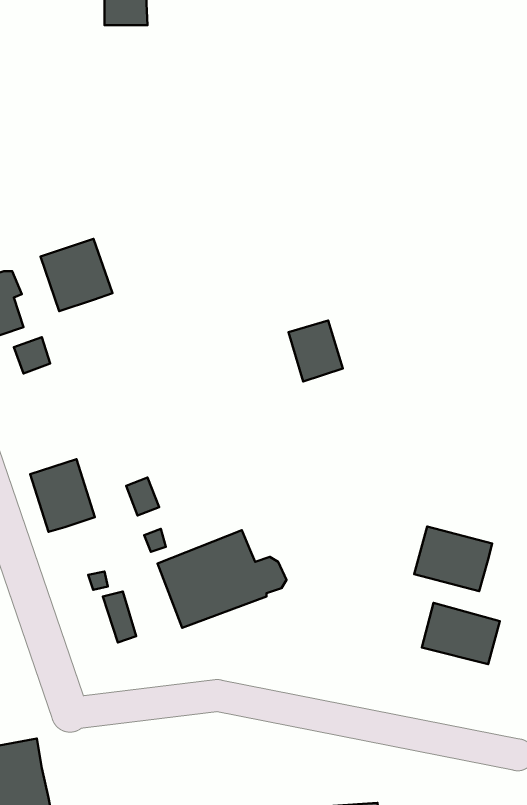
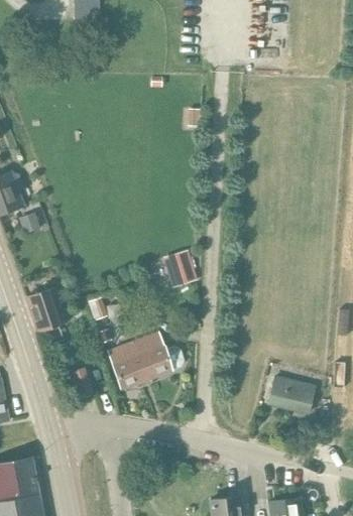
building: [41,239,112,311] -> none
building: [288,320,343,382] -> [164,249,198,286]
building: [414,527,492,591] -> none

